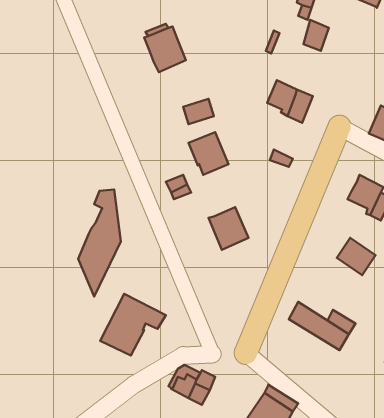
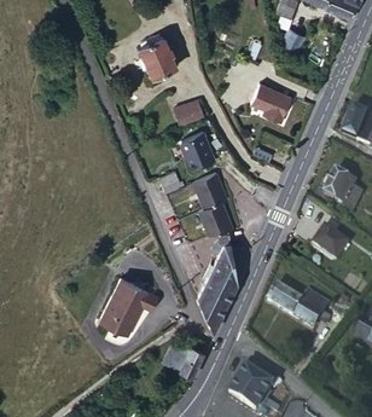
building: none -> [191,169,227,207]
building: [78,189,121,296] -> [197,233,236,330]

